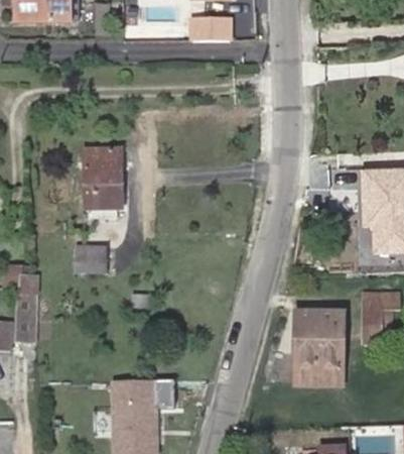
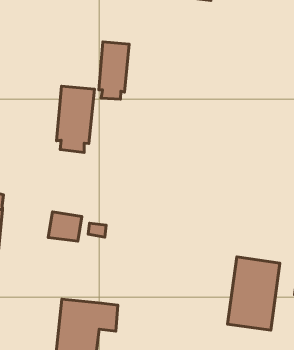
building: none -> [99,42,129,99]
building: [75,244,108,272] -> [48,212,82,241]

